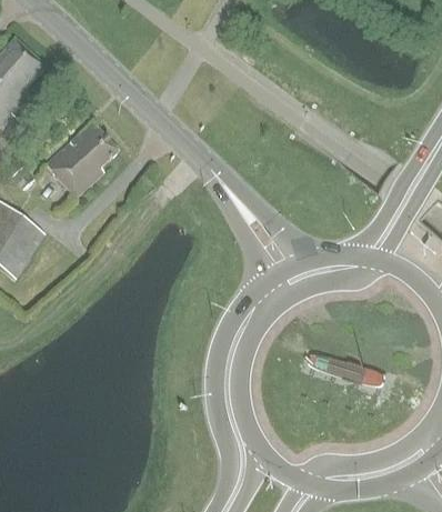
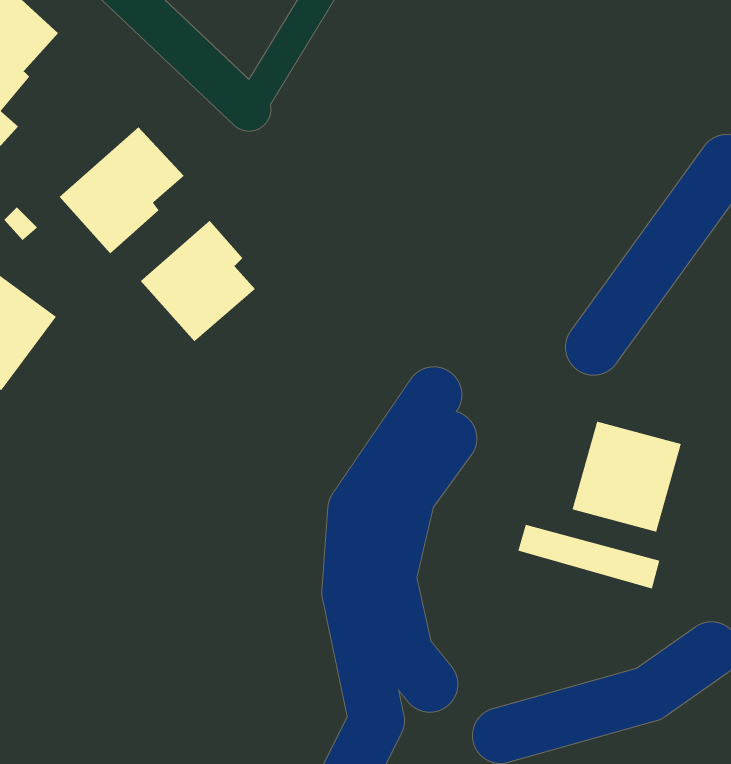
building: none -> [140,220,256,342]
building: none -> [572,421,682,532]

